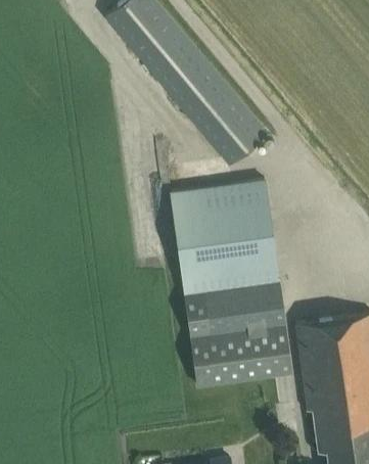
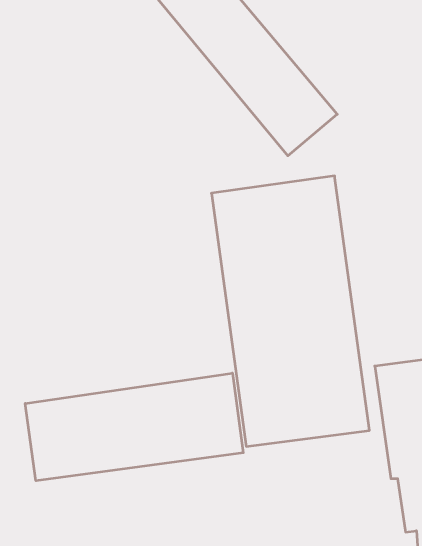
building: none -> [25,373,243,481]

